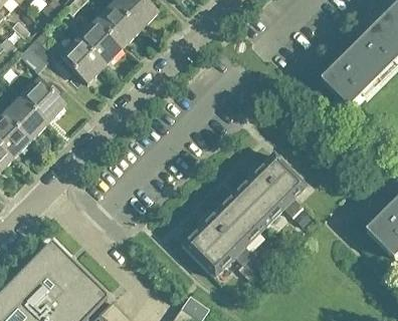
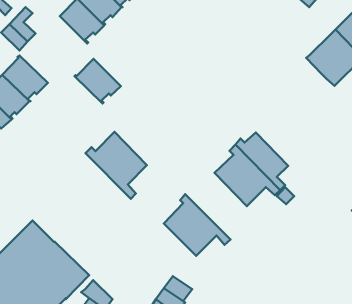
building: [58,35,105,79] -> [74,59,121,103]
building: [202,191,263,257] -> [85,132,147,199]

